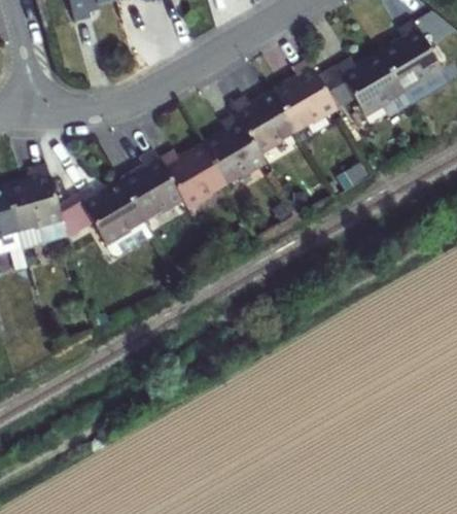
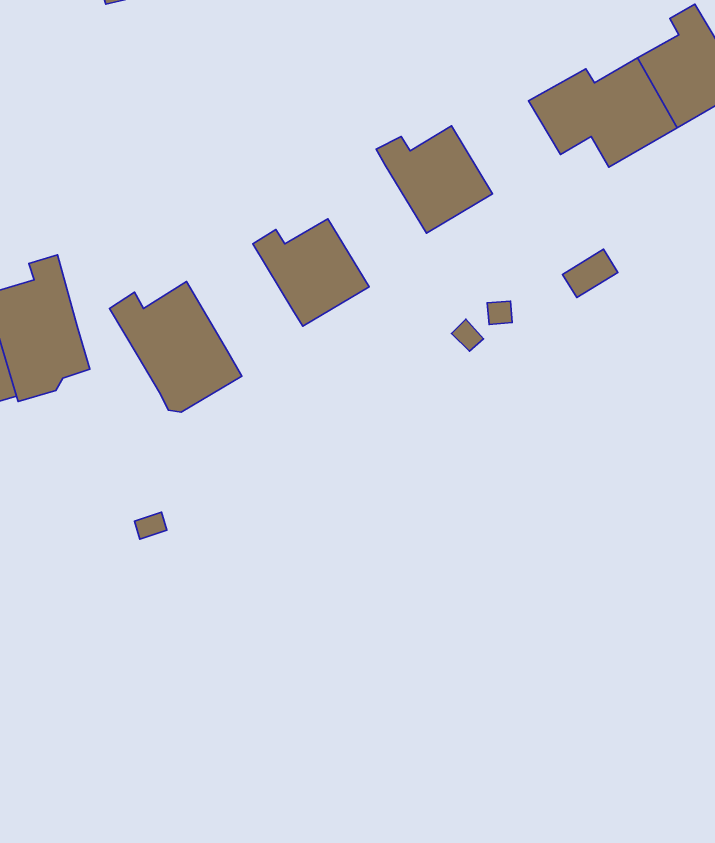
building: [274,62,337,133] -> none
building: [203,116,265,186] -> none
building: [121,152,183,224] -> none
building: [59,199,94,241] -> none

